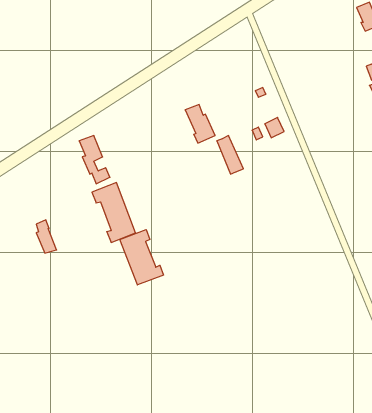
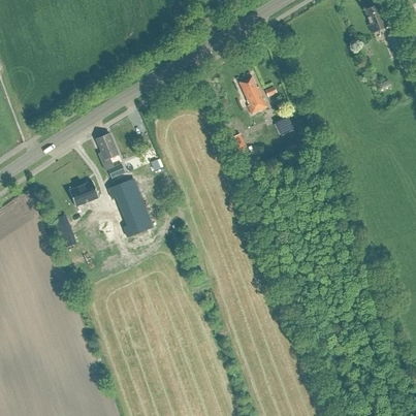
building: [185,105,215,143] -> [239,76,268,114]
building: none -> [70,182,99,207]
building: [120,230,164,285] -> none

